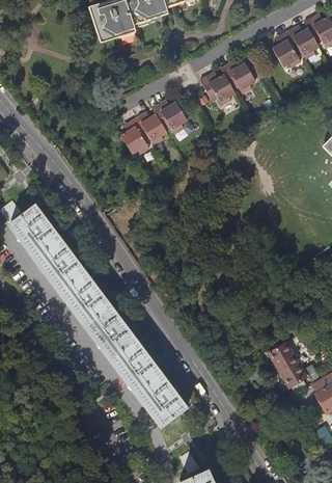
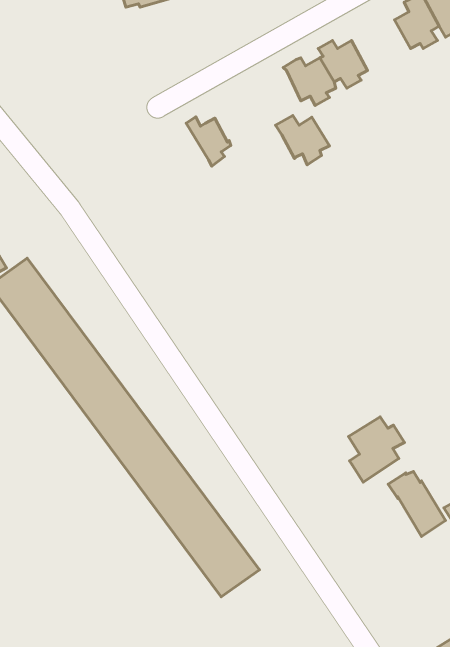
building: [153,102,188,134] -> [275,116,329,165]
building: [121,117,153,154] -> none
building: none -> [349,417,404,482]

